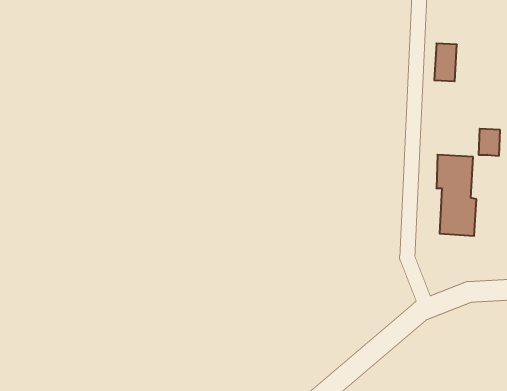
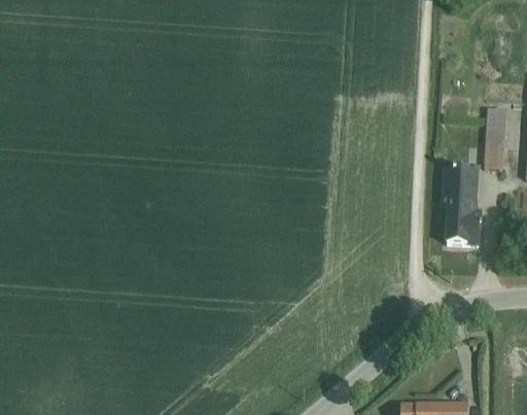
building: [434,43,457,81] -> [486,107,507,143]

